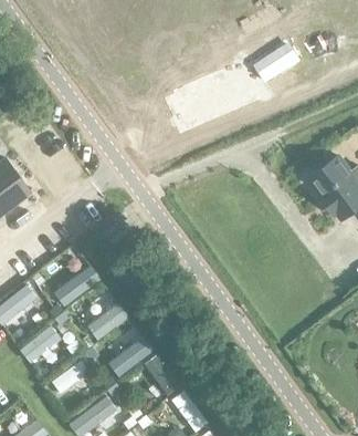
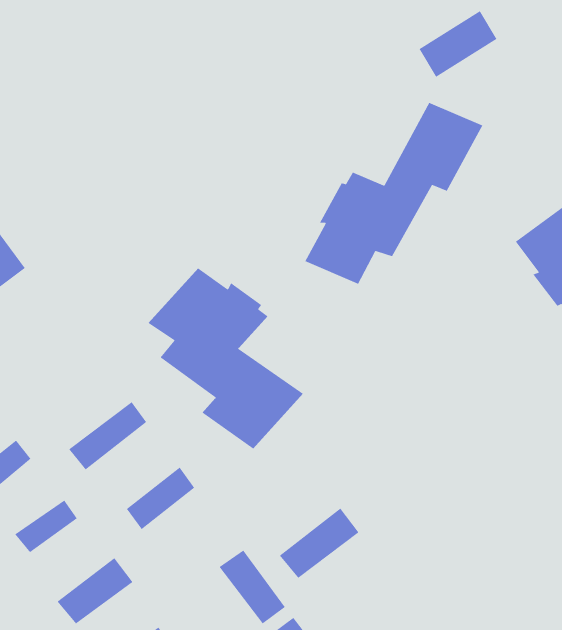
building: none -> [304,102,483,285]
building: none -> [147,268,304,449]
building: [107,335,154,376] -> [279,507,360,579]

